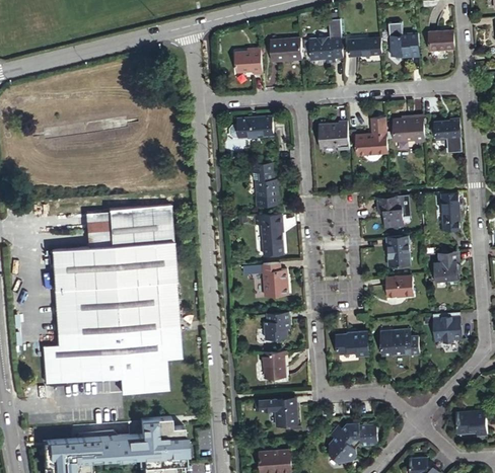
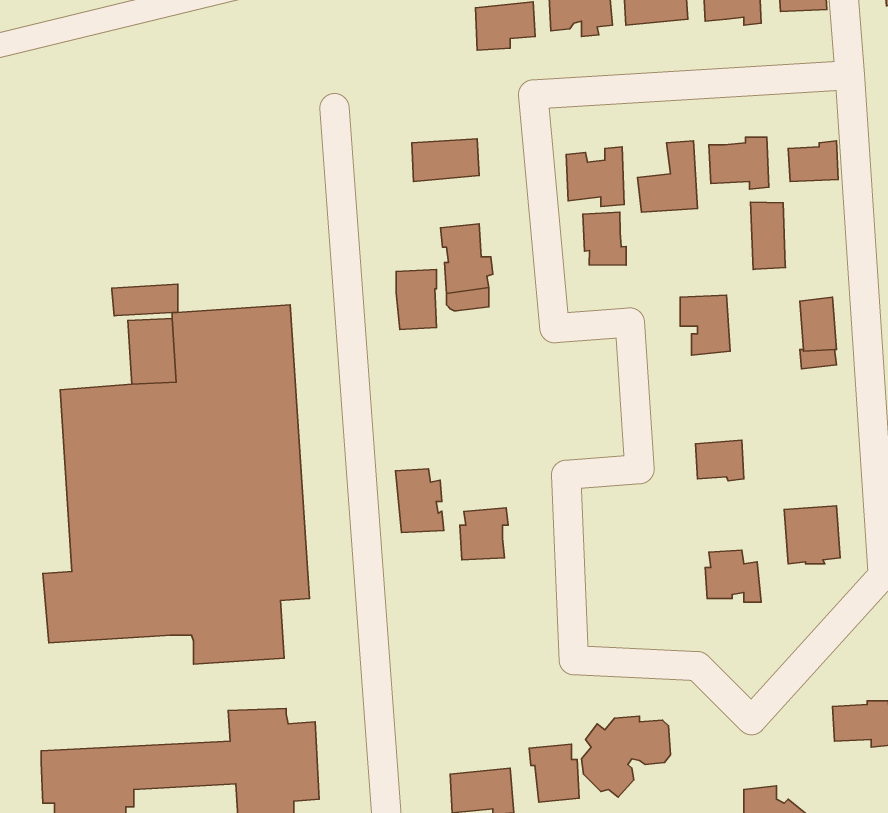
building: [234,50,262,76] -> none
building: none -> [751,202,785,269]
building: none -> [583,212,626,265]
building: none -> [112,284,178,316]
building: [260,216,281,247] -> [396,270,437,329]
building: [385,236,410,266] -> none
building: [433,250,459,287] -> none
building: [261,263,286,297] -> [396,469,444,532]
building: [335,330,368,357] -> none
building: [260,350,284,378] -> none
building: [270,398,296,428] -> [529,744,579,802]

